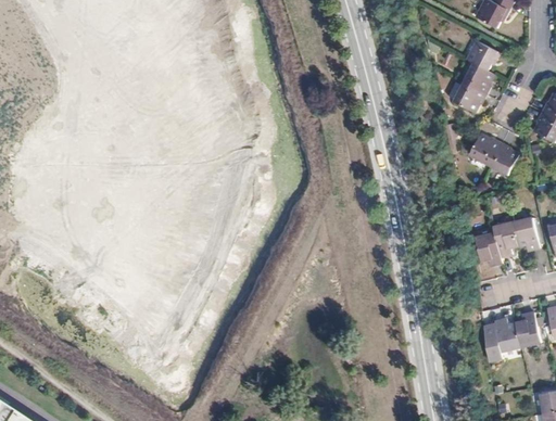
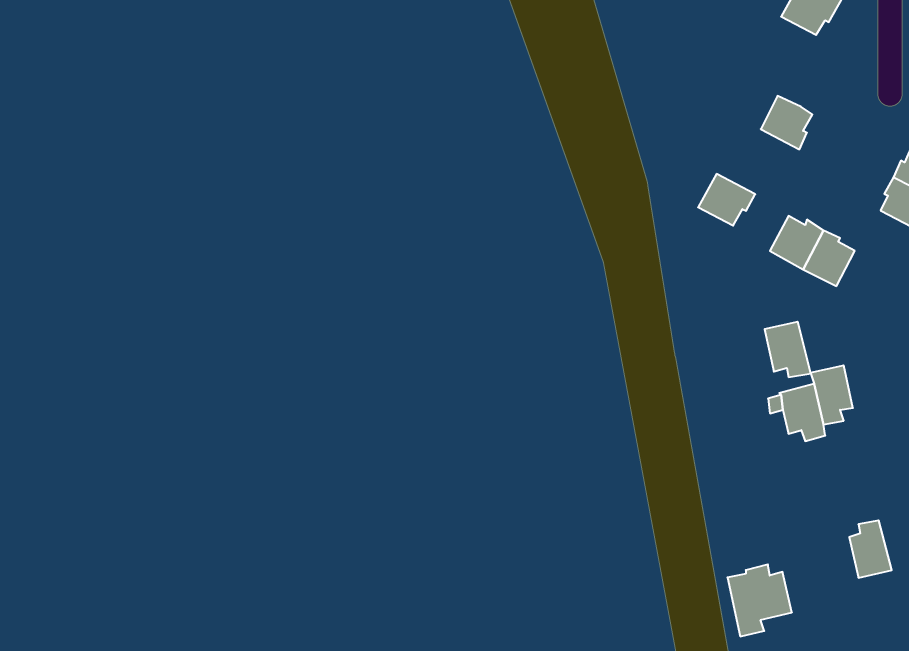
building: [465,40,497,69] -> none
building: [452,82,485,113] -> [698,174,755,226]
building: [511,217,539,250] -> [765,322,811,377]
building: [482,318,520,360] -> [727,564,792,636]

